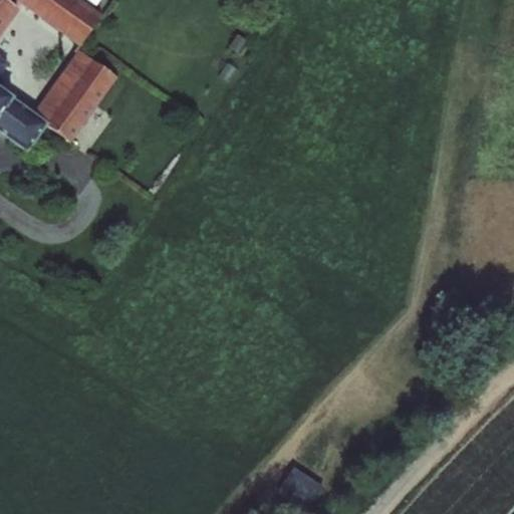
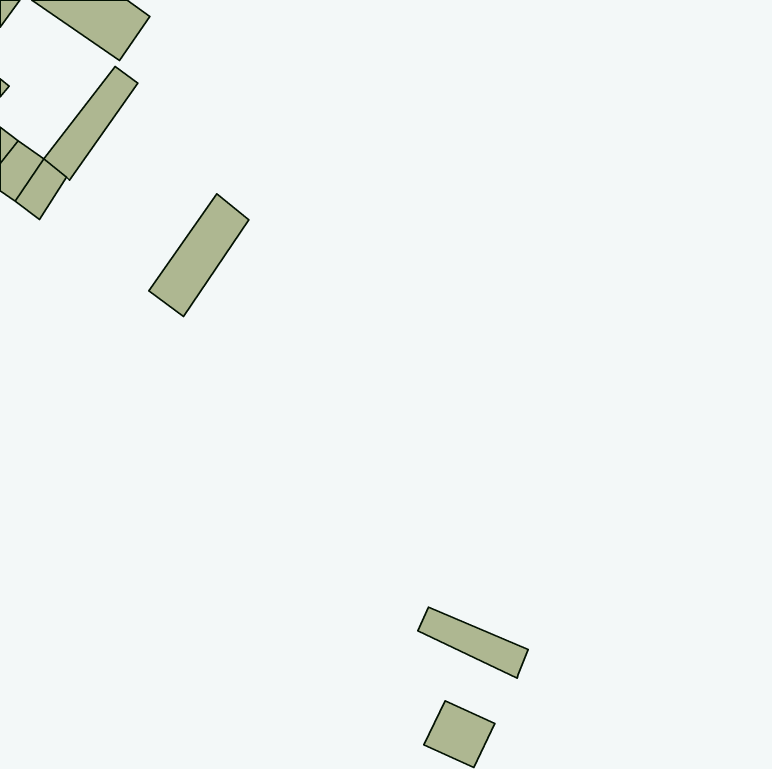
building: [47,58,113,140] -> [149,194,249,317]
building: none -> [418,607,528,678]

